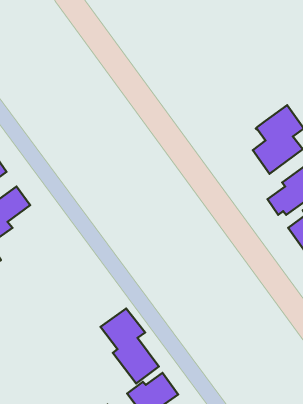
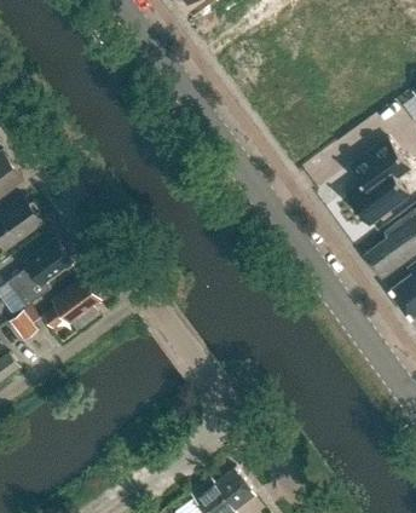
building: none -> [45,278,102,328]
building: [101,308,159,383] -> none

